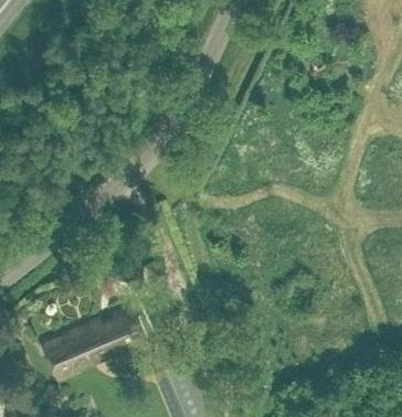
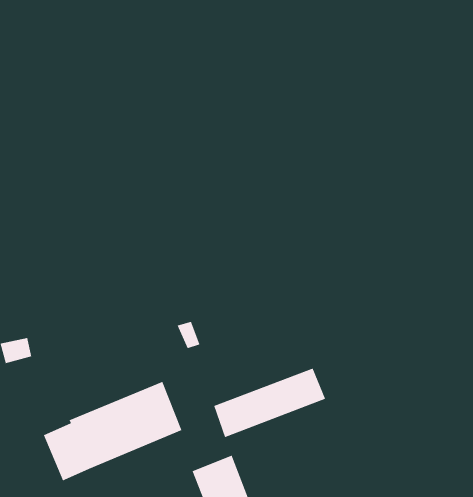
building: none -> [213,368,326,438]

